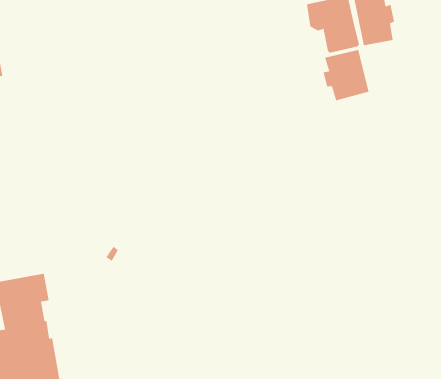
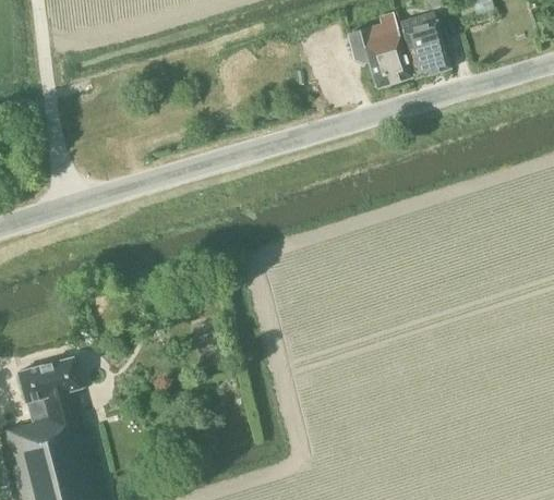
building: [323,49,369,101] -> none

